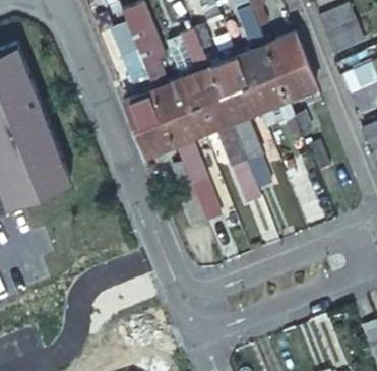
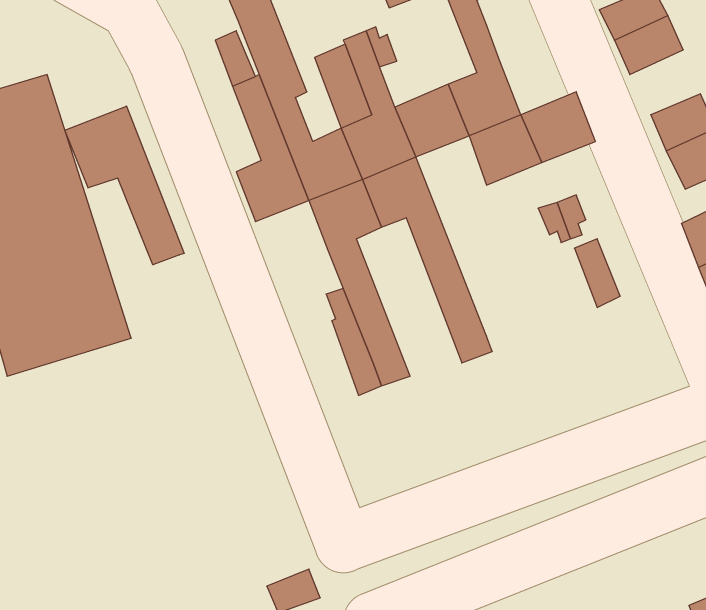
building: [266,32,307,71] -> none
building: none -> [65,106,184,265]
building: [222,82,272,189] -> none
building: [136,117,175,154] -> none

